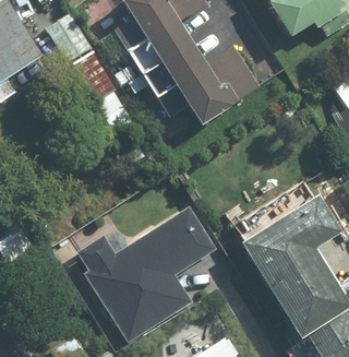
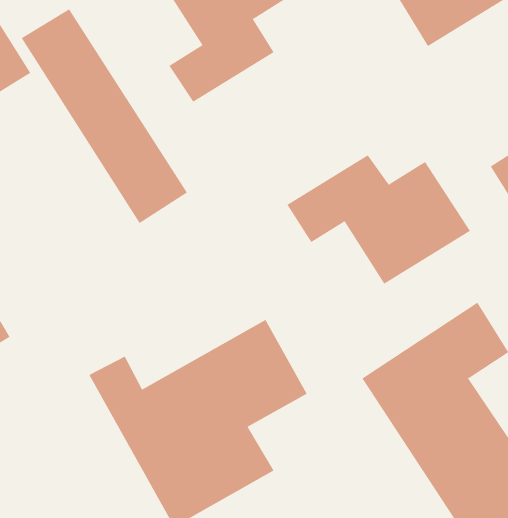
building: [144,43,260,124] -> [287,154,471,285]

